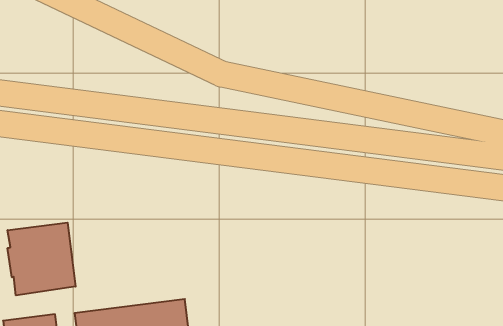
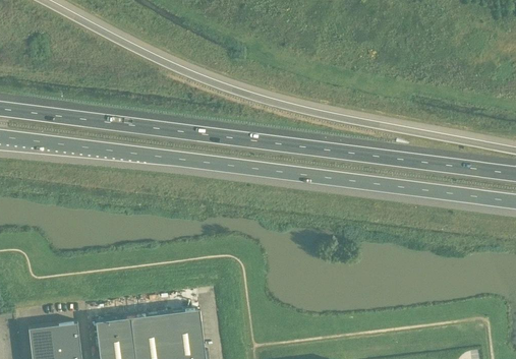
building: [8,223,76,295] -> none

